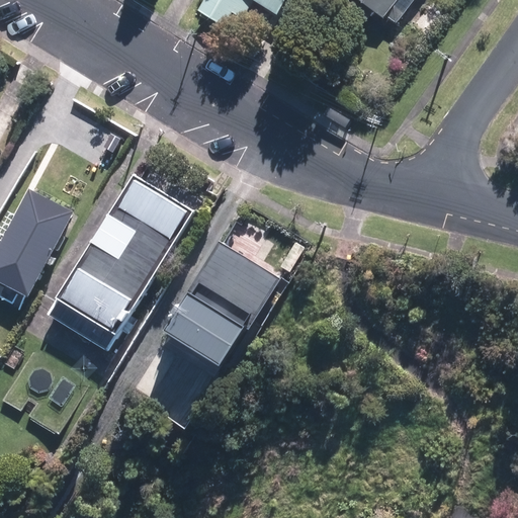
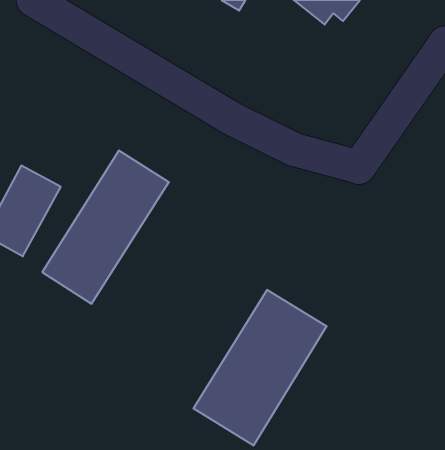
building: [168,245,274,365] -> none
building: none -> [193,290,327,446]

